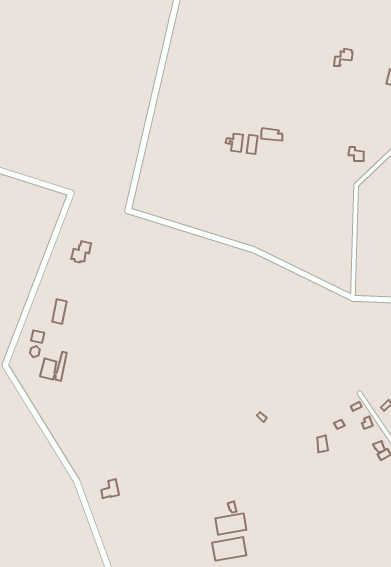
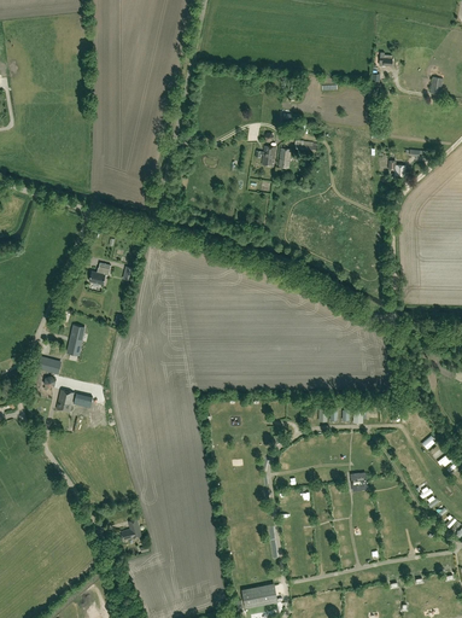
building: [215,513,246,535] -> none

